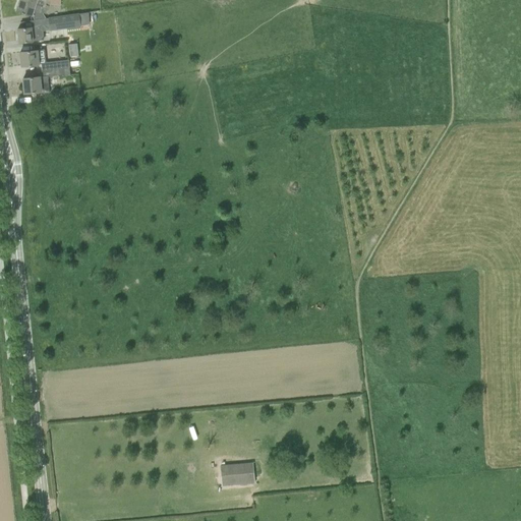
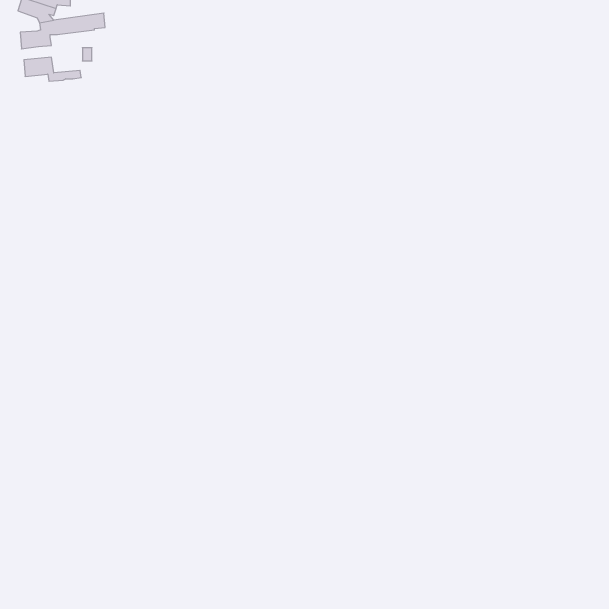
building: [23,67,58,93] -> none
building: [219,461,254,487] -> none

